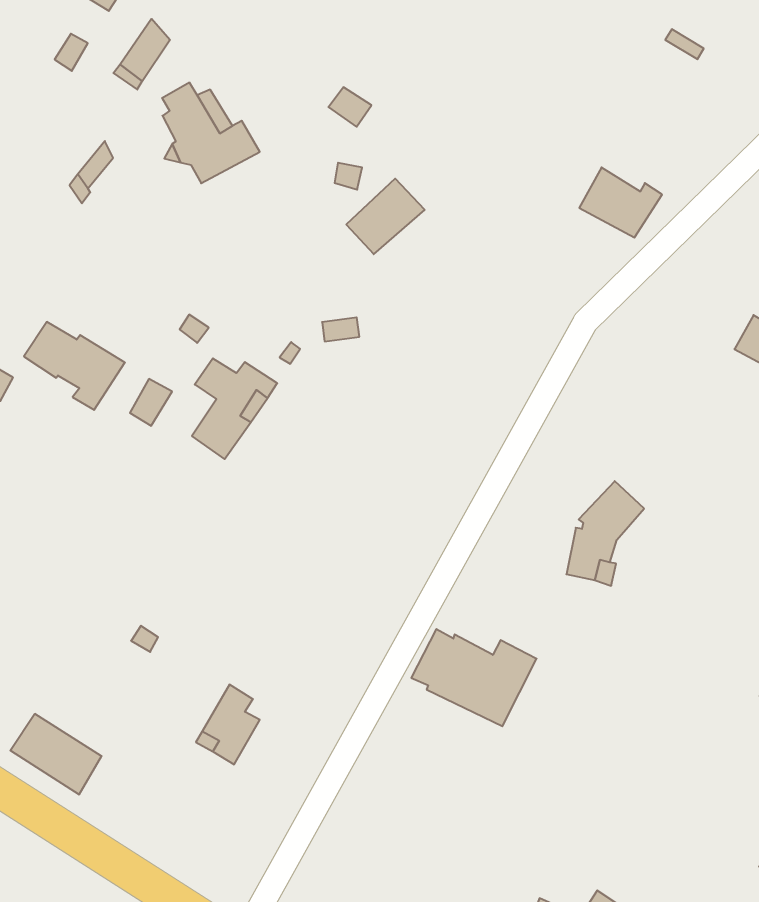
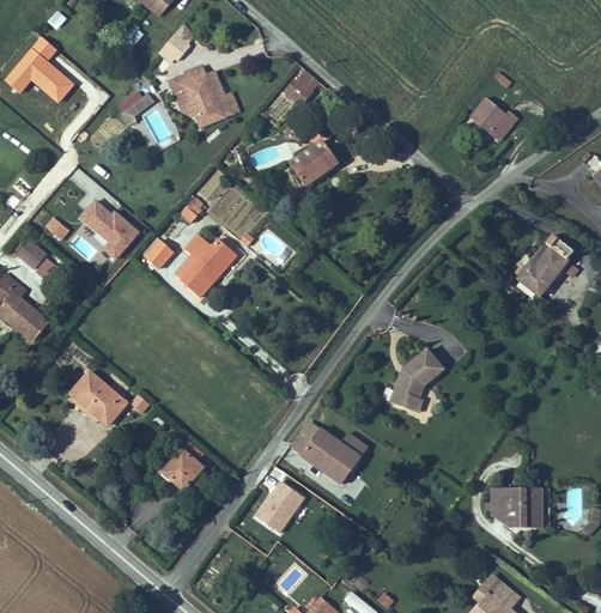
building: [579,167,662,238] -> [471,97,522,142]
building: [10,714,102,794] -> [61,370,116,423]
building: none -> [255,484,304,536]

